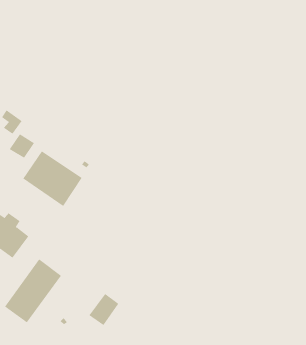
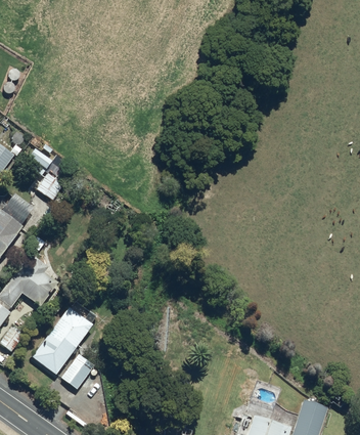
building: [22,151,83,207] -> none
building: [88,293,119,326] -> [61,354,94,389]

